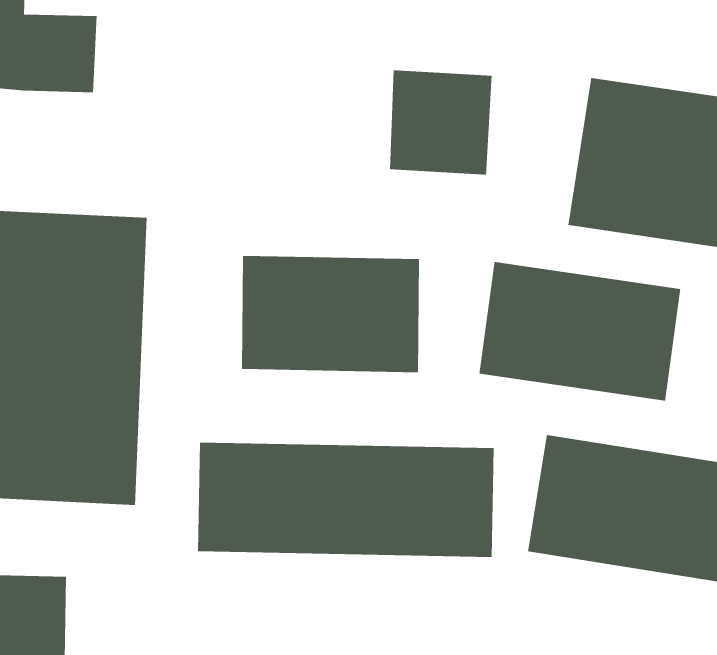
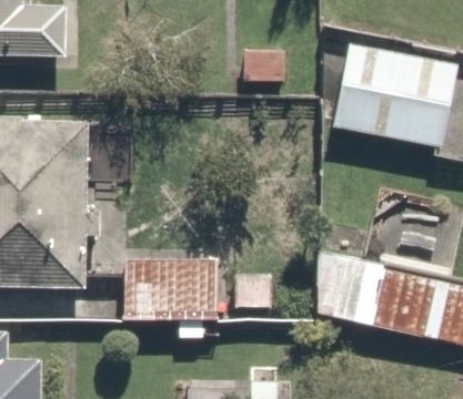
building: [241,255,420,373] -> none
building: [479,261,681,402] -> none

